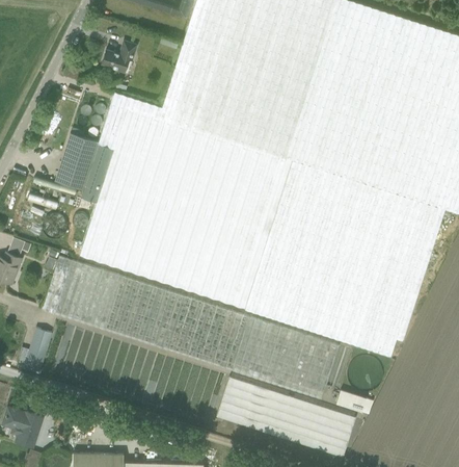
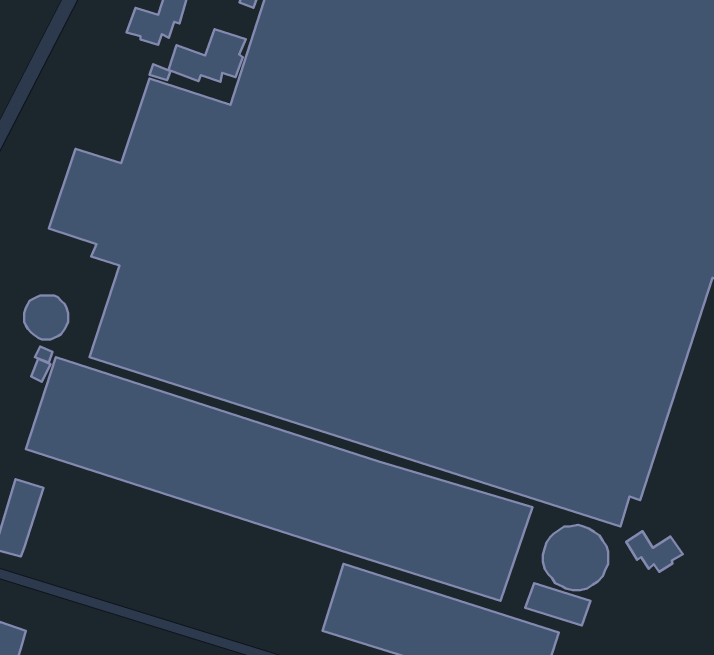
building: none -> [168,29,246,82]
building: none -> [626,531,683,572]

